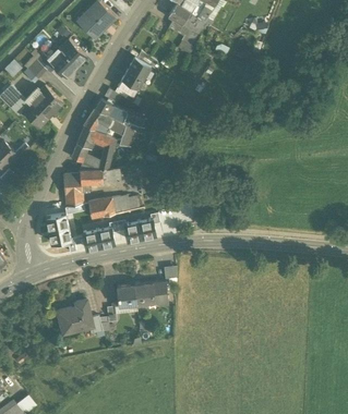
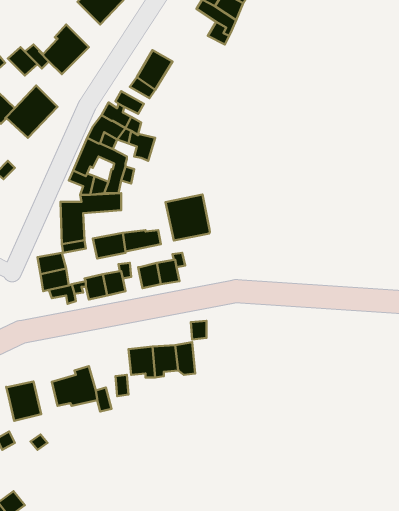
building: none -> [165,195,210,240]
building: none -> [6,381,41,421]

